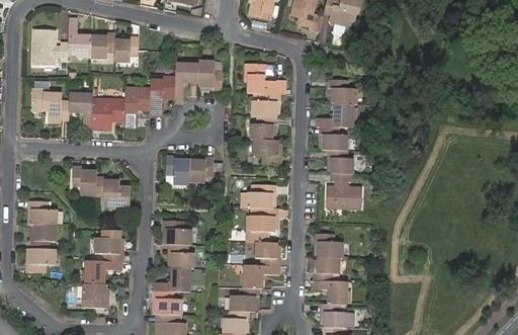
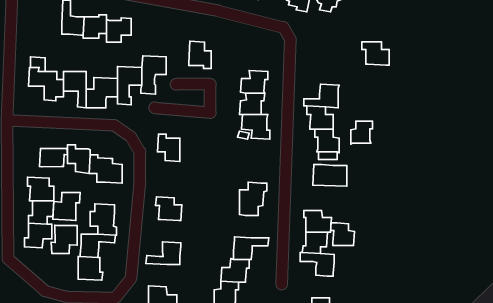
building: [31,29,55,66] -> none
building: [174,61,198,99] -> none
building: [244,63,284,92] -> none
building: [328,82,356,106] -> [362,42,389,65]
building: none -> [351,121,372,144]
building: [188,158,212,182] -> none
building: none -> [40,148,68,167]
building: [248,183,275,207] -> none
building: none -> [53,192,80,220]
building: [256,241,280,264] -> none
building: [168,245,192,269] -> none
building: none -> [51,225,77,253]
building: [153,290,181,315] -> none
building: [323,303,347,326] -> [331,223,354,245]

